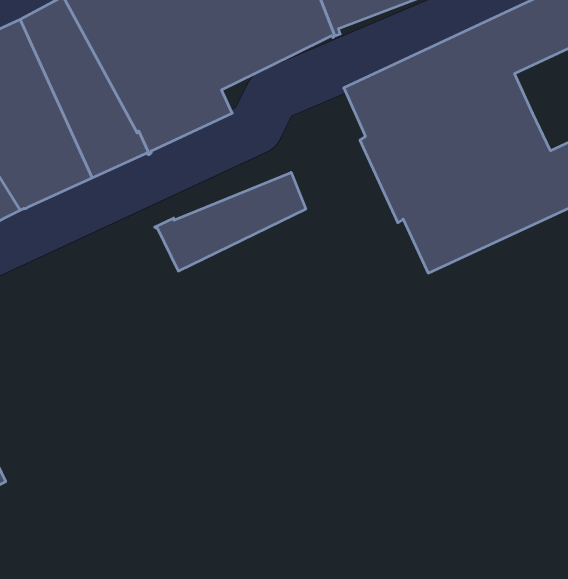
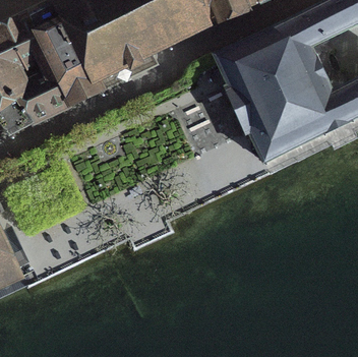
building: [155,172,306,271] -> none

